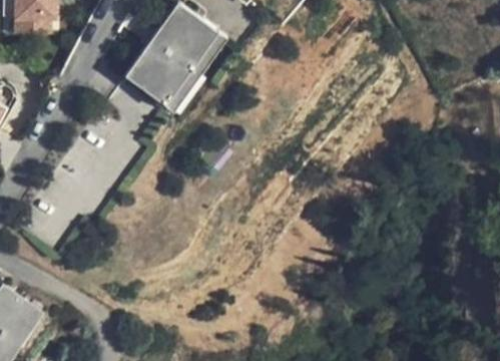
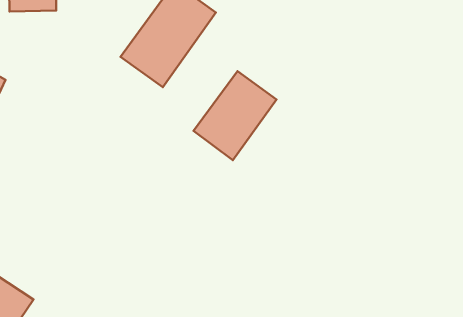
building: none -> [193,71,277,160]

